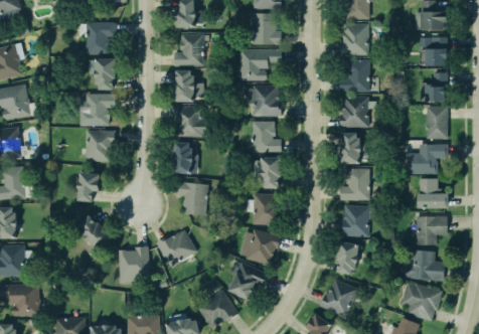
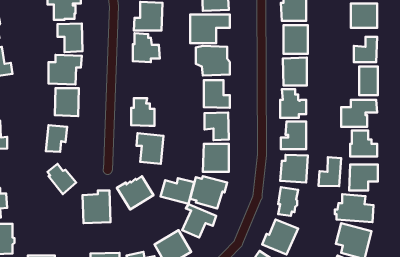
building: [175,107,205,138] -> none
building: none -> [319,157,341,186]
building: none -> [160,178,194,204]

